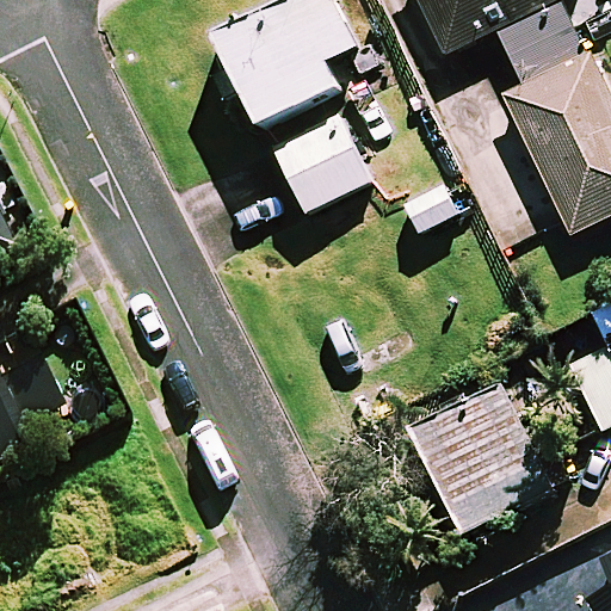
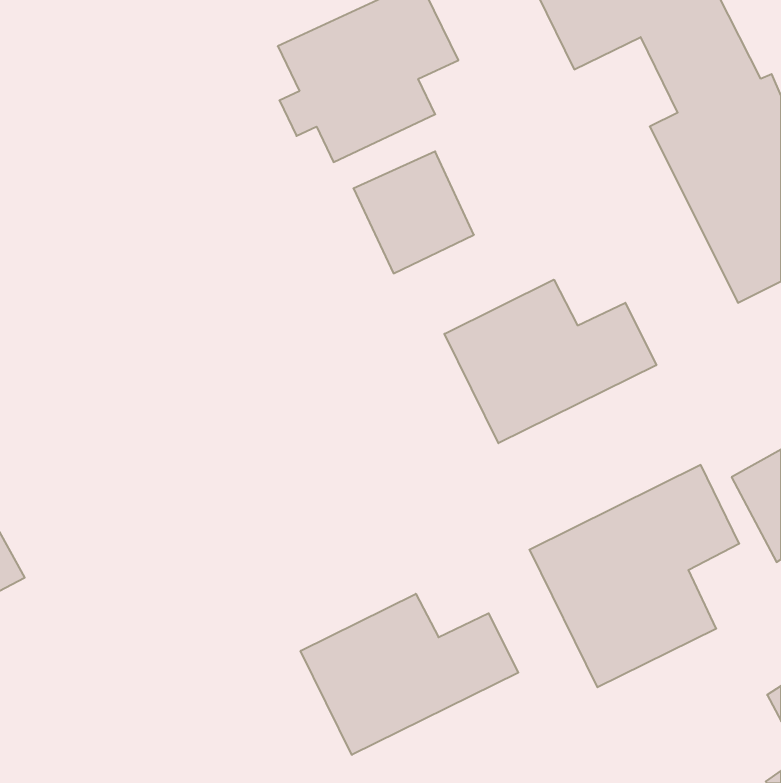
building: none -> [444,280,656,443]
building: none -> [301,594,518,755]

